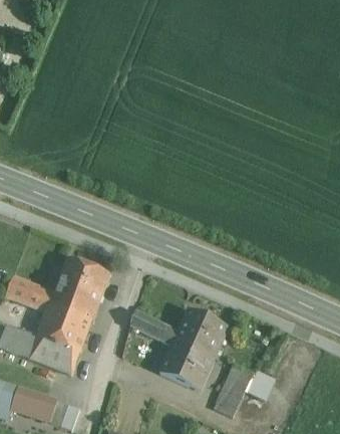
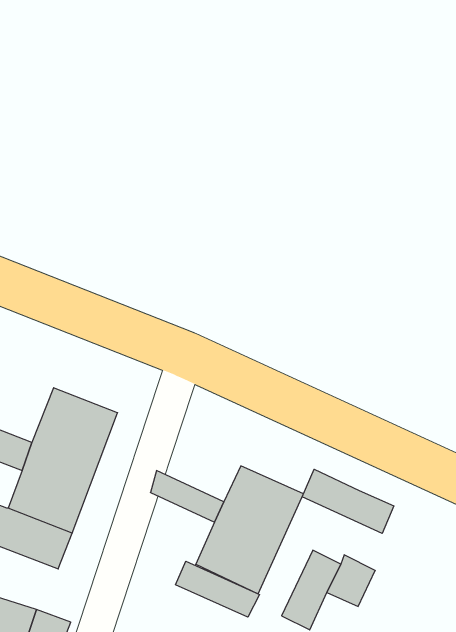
building: none -> [302,469,394,533]
building: none -> [175,561,260,617]

